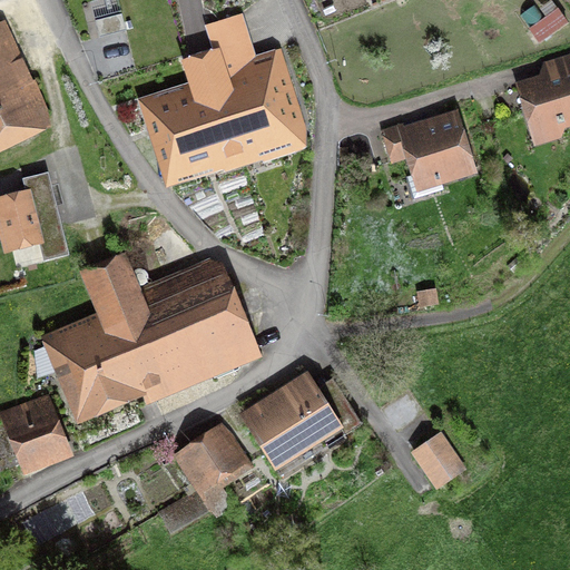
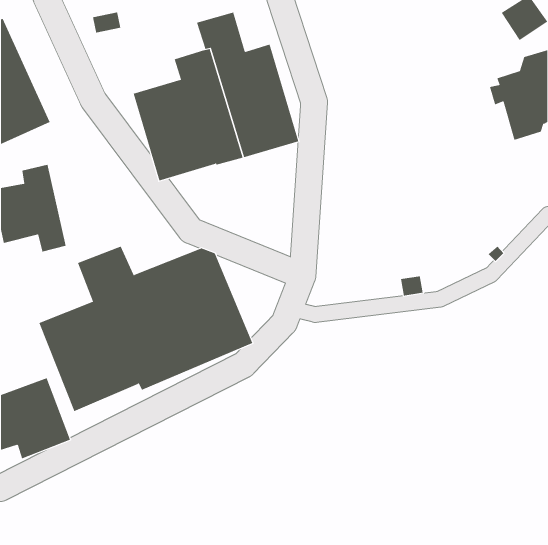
building: [381,107,478,199] -> none
building: [238,371,363,472] -> none
building: [157,421,253,533] -> none
building: [411,431,466,490] -> none

